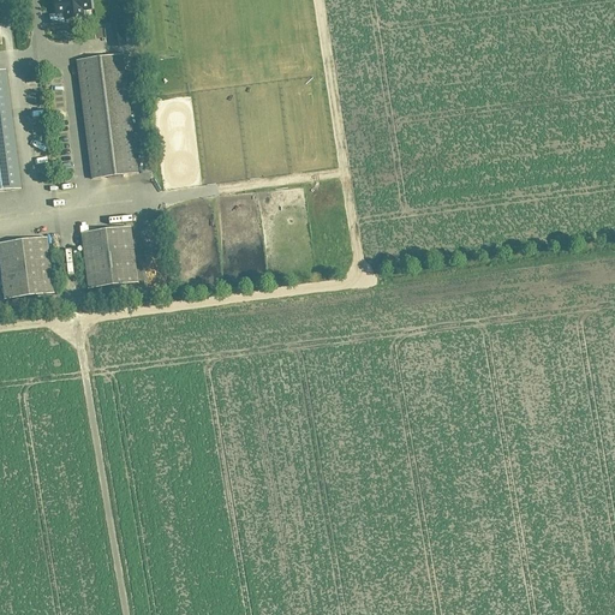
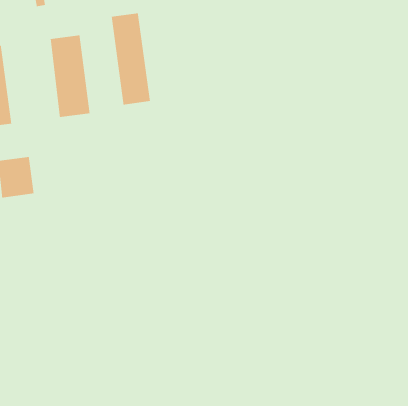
building: none -> [111,12,151,105]
building: [79,223,135,286] -> none

